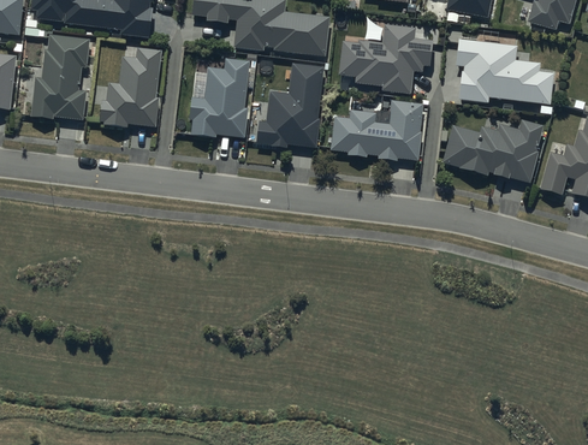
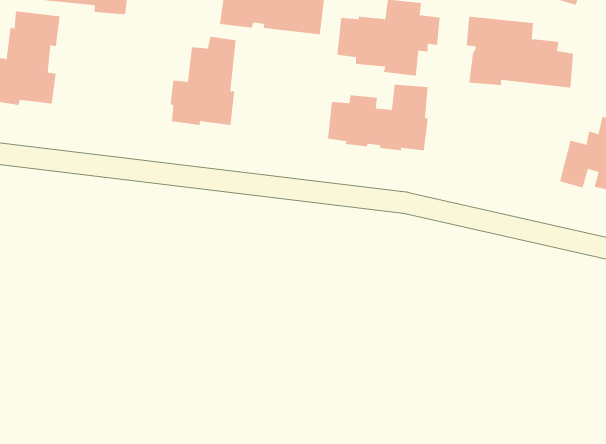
building: [99,47,161,126] -> none
building: [256,63,323,148] -> none
building: [441,118,544,182] -> none

